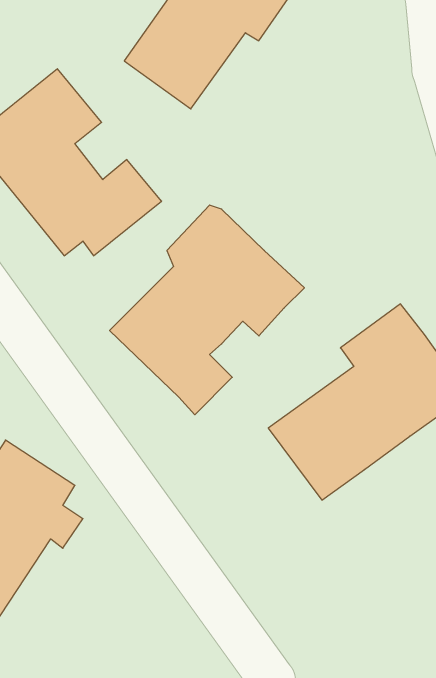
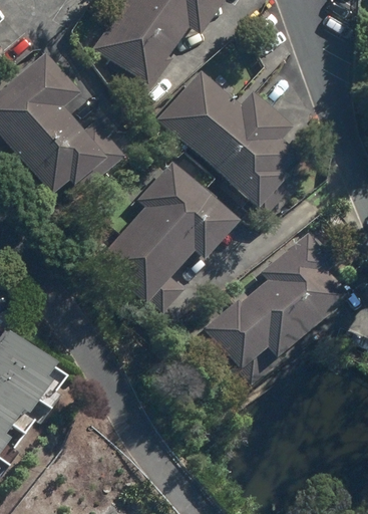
building: none -> [158,72,303,214]

